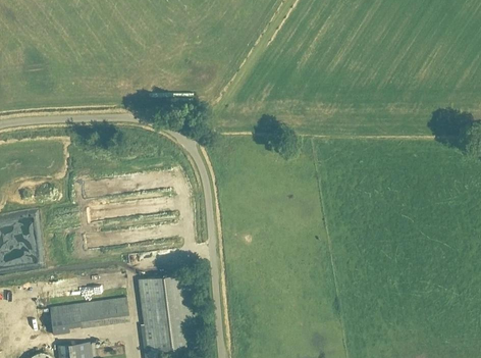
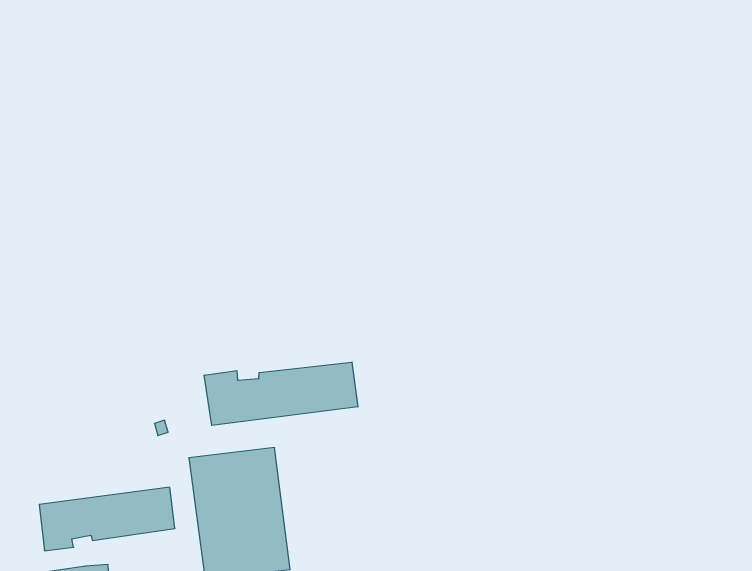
building: none -> [204,362,358,425]

